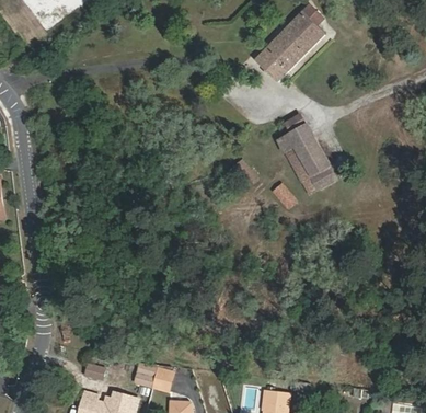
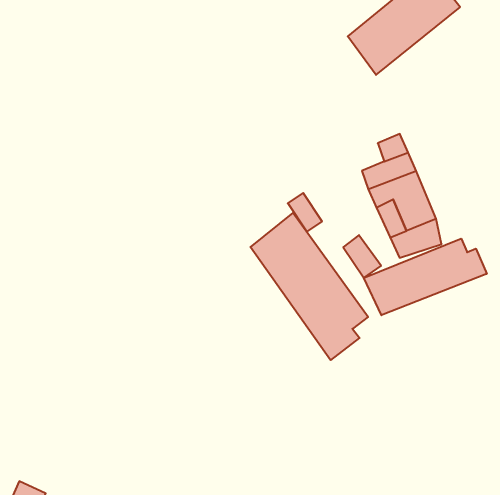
building: none -> [250,213,368,360]
building: none -> [364,239,487,315]

